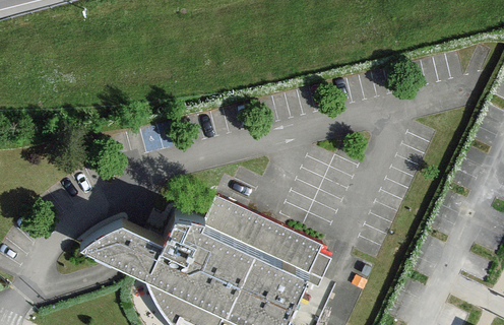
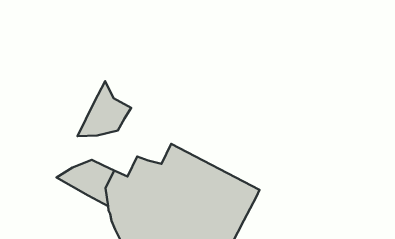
building: none -> [78,81,131,136]

